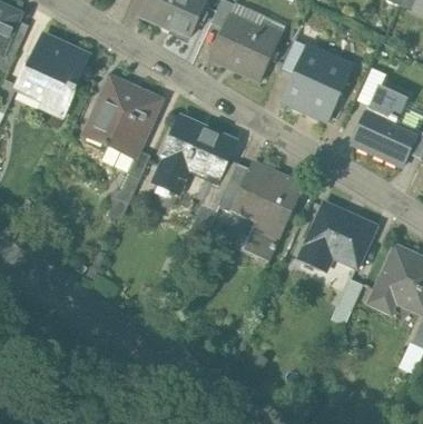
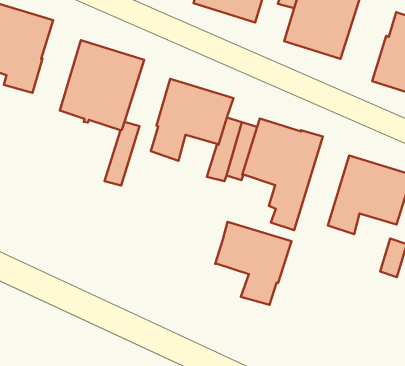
building: none -> [215,222,292,305]

